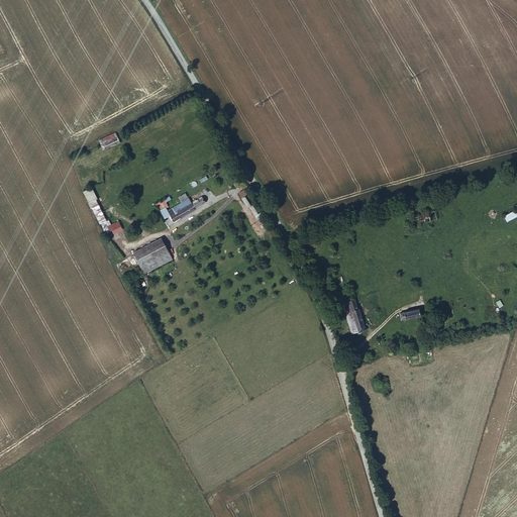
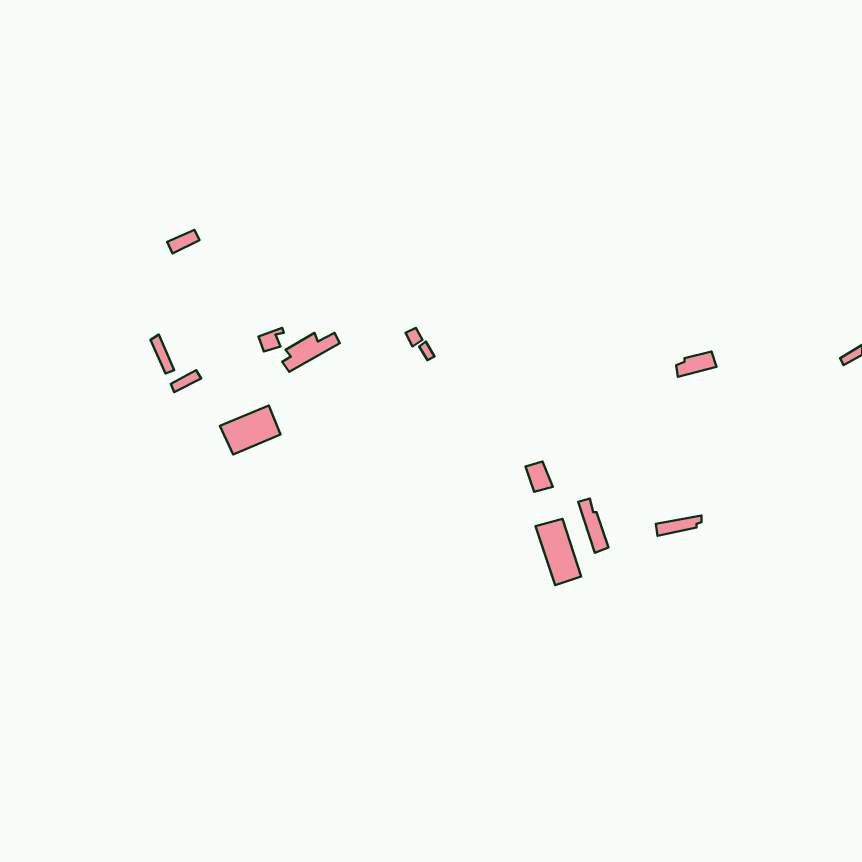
building: none -> [536,519,581,585]

